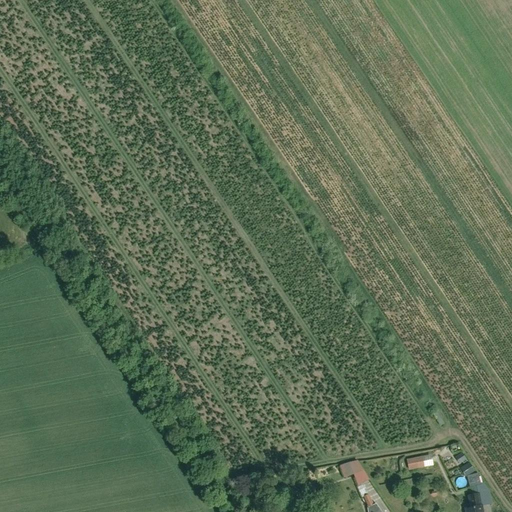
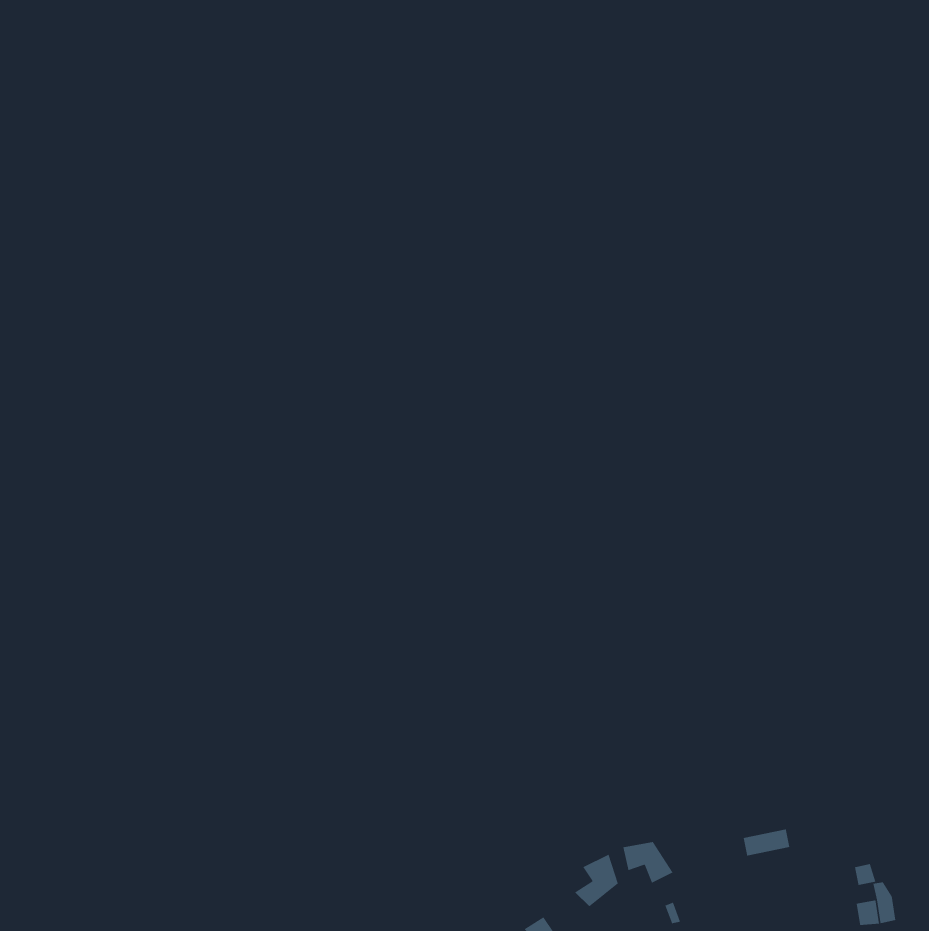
building: none -> [574,854,618,907]

